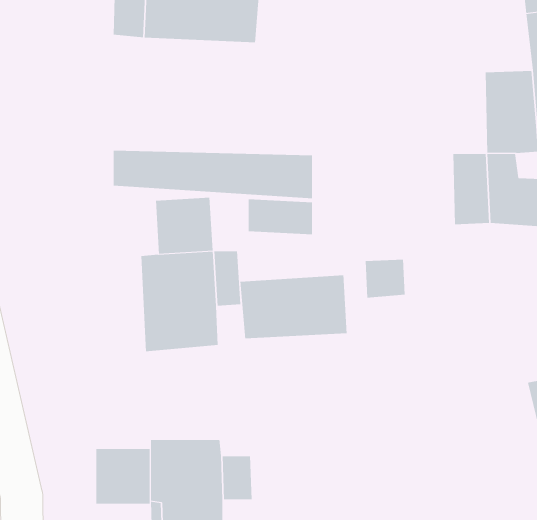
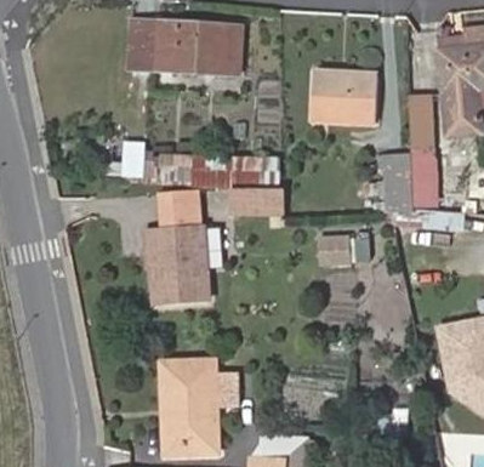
building: none -> [311,70,375,123]
building: [240,274,347,339] -> none
building: [96,448,150,504] -> none

